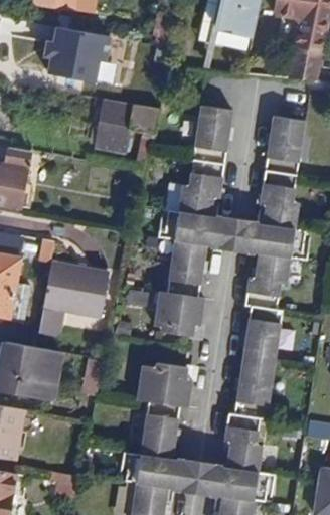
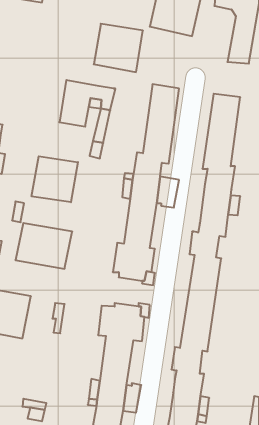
building: [46,27,104,83] -> [94,24,143,72]
building: none -> [32,156,78,202]
building: [227,216,264,252] -> none
building: [183,456,226,494] -> none

